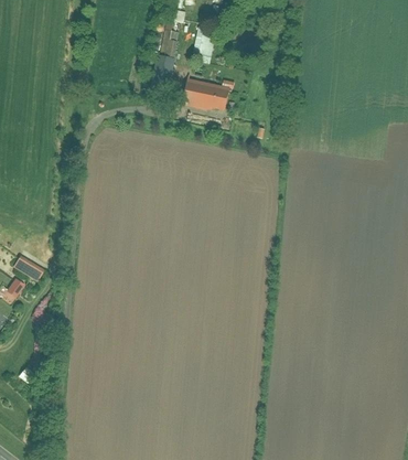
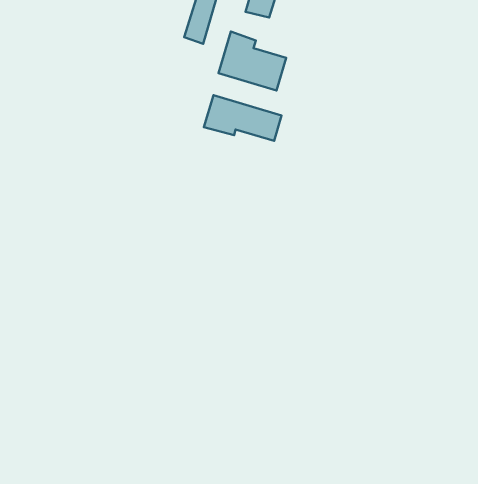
building: none -> [204,95,281,141]

